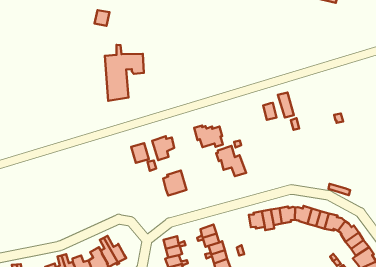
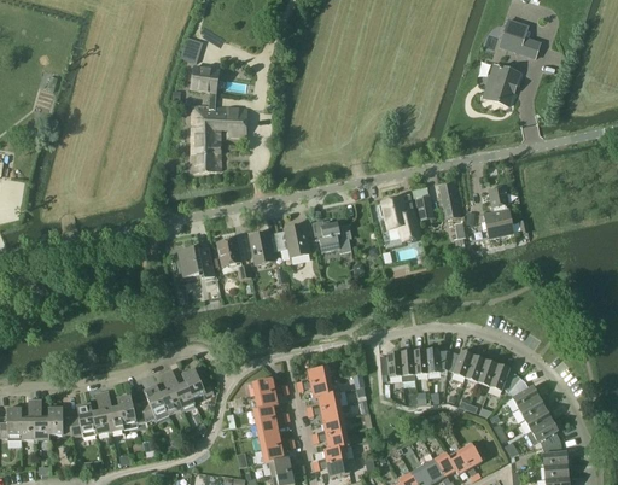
building: none -> [483,63,520,105]
building: none -> [191,65,218,92]
building: none -> [483,186,513,238]
building: [216,146,246,176] -> [379,195,420,240]
building: none -> [177,246,215,277]
building: [163,170,187,195] -> [278,223,310,258]
building: none -> [181,367,214,398]

